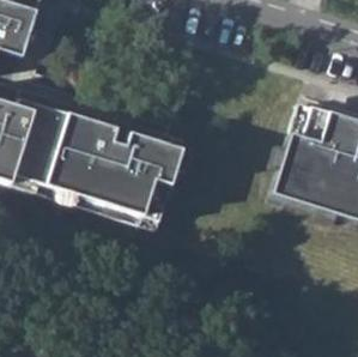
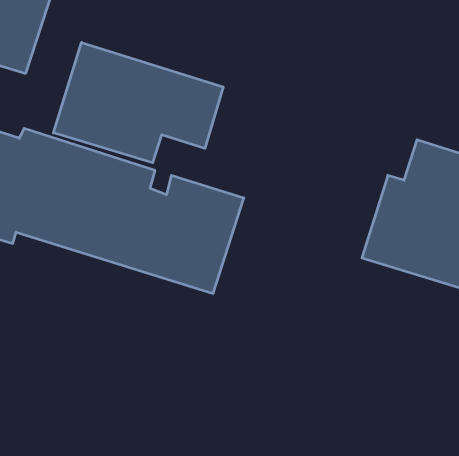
building: none -> [53,42,223,163]

